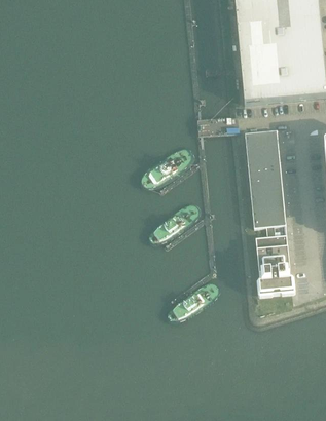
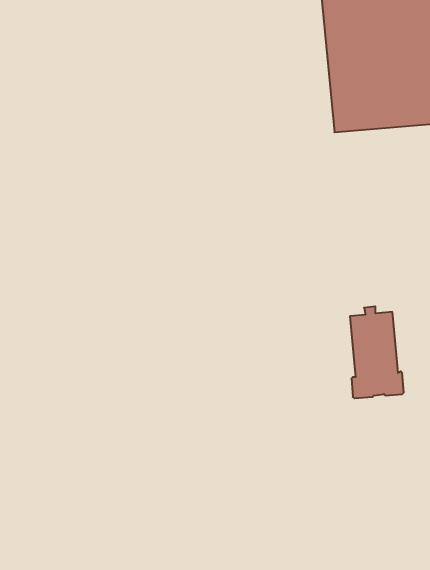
building: [244,125,286,227] -> none

